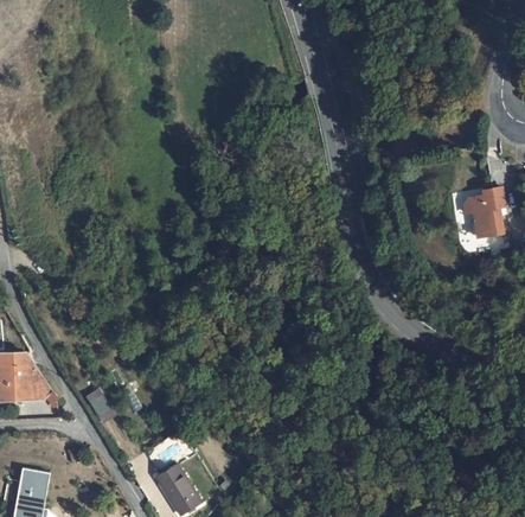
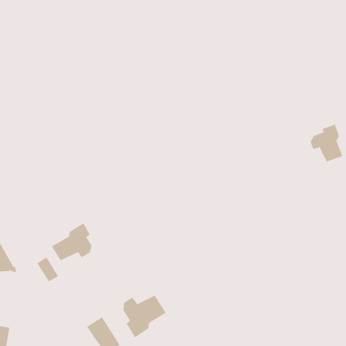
building: none -> [51,222,92,261]
building: none -> [123,295,167,338]

